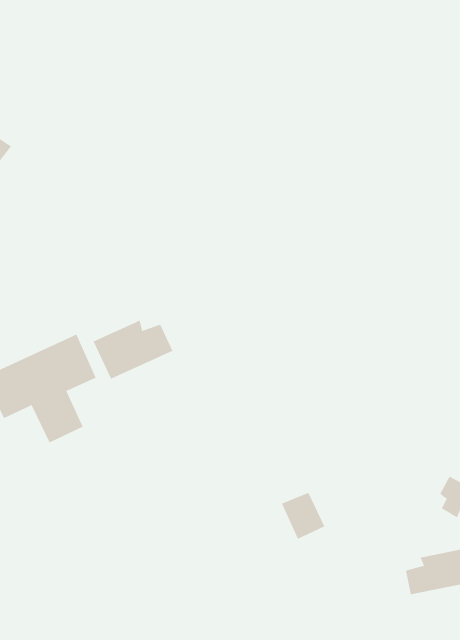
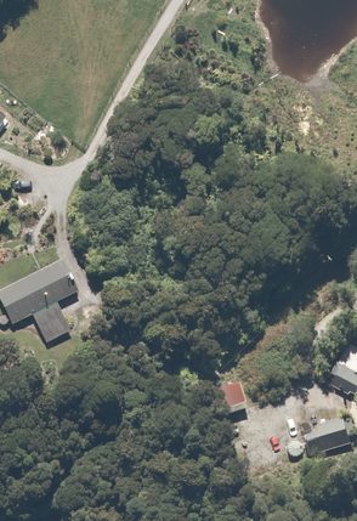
building: [93,320,173,380] -> none

